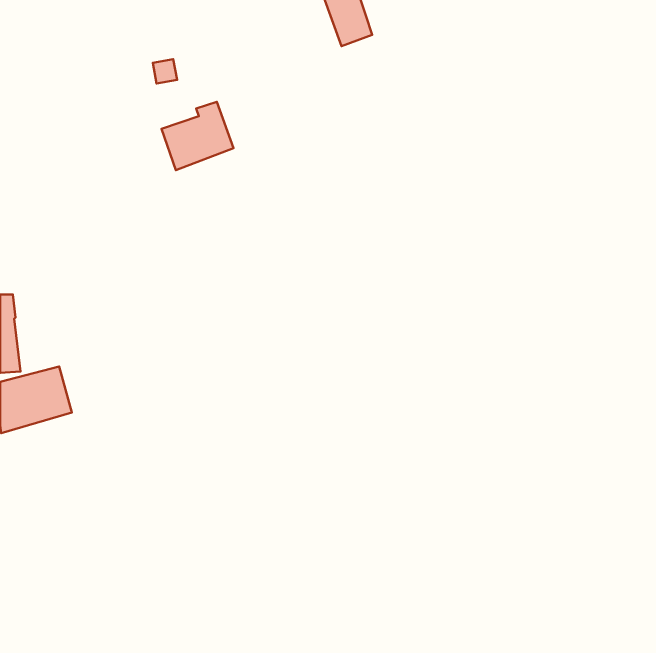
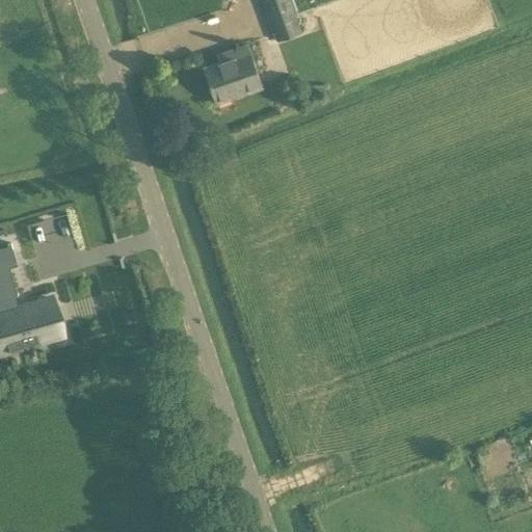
building: [162,102,234,170] -> [205,51,263,106]

